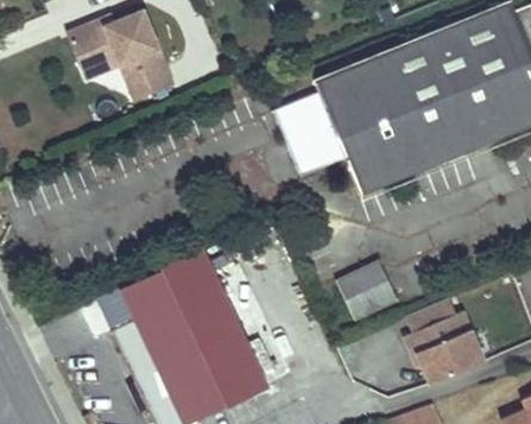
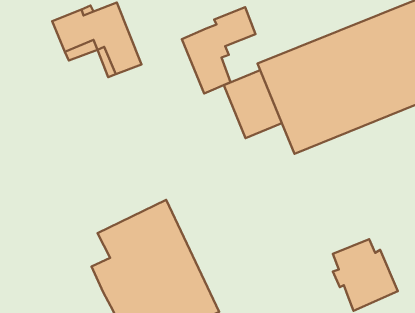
building: none -> [182,7,255,93]
building: [335,258,399,318] -> none

